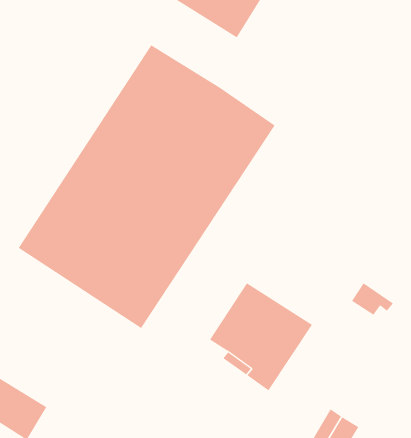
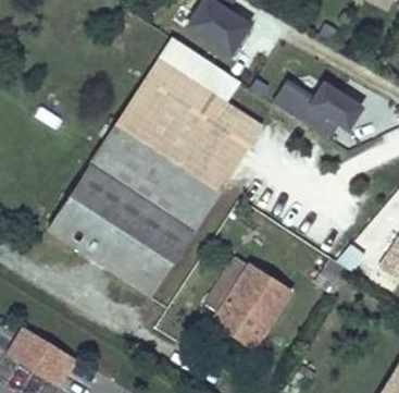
building: none -> [160,38,230,96]
building: none -> [269,76,360,143]

